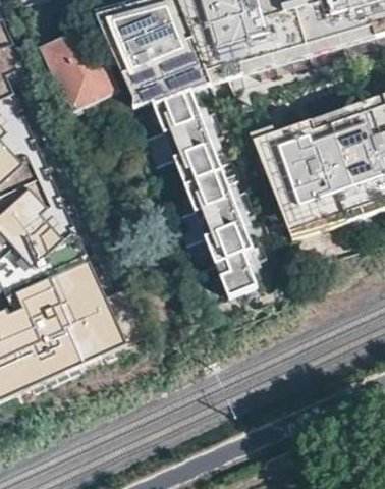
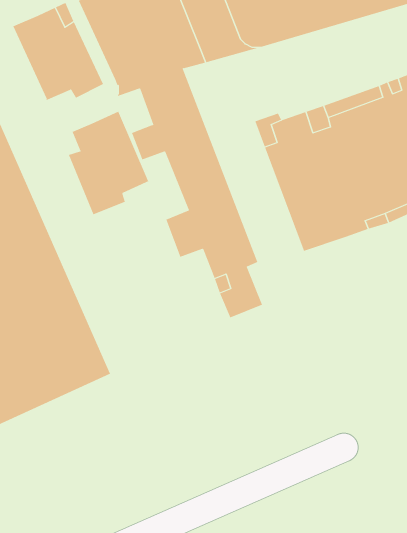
building: none -> [68,111,150,215]

